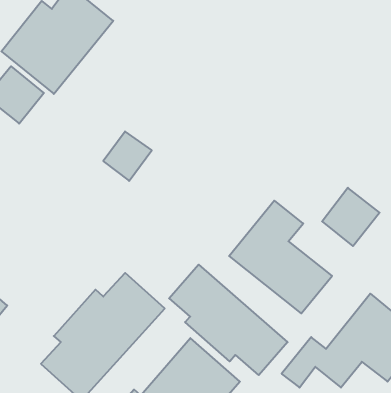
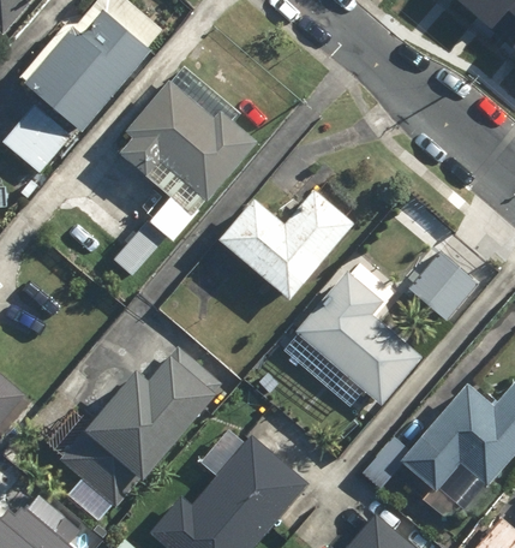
building: none -> [120,66,256,204]
building: none -> [216,193,352,300]
building: [169,265,288,375] -> none

